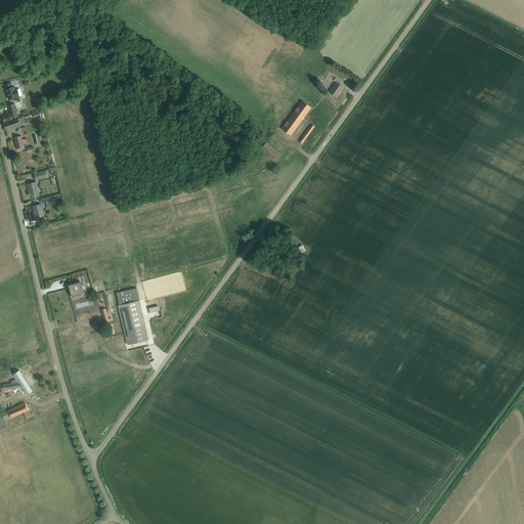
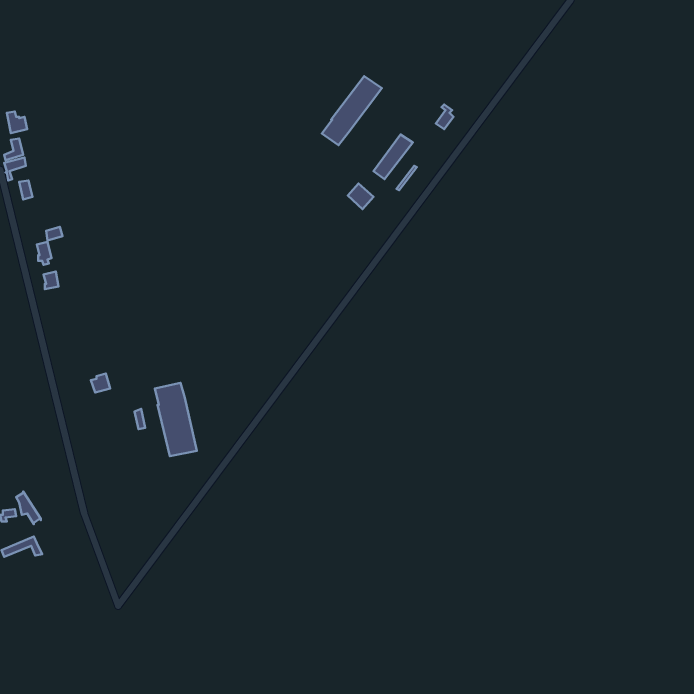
building: none -> [322,76,382,145]

